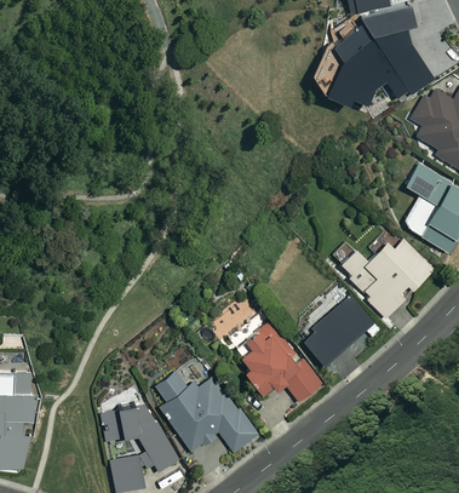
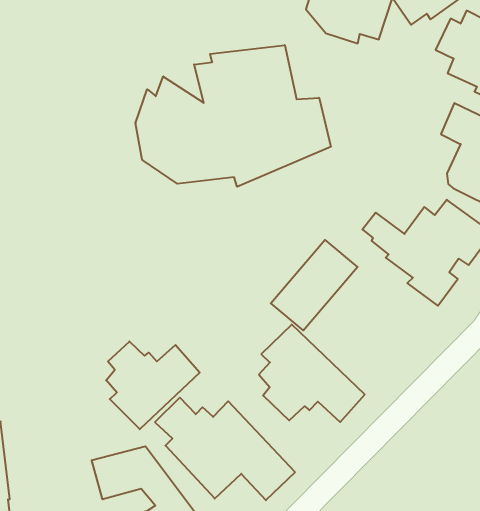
building: none -> [136,45,331,187]
building: [303,296,374,365] -> [271,240,358,330]
building: none -> [106,341,200,429]

